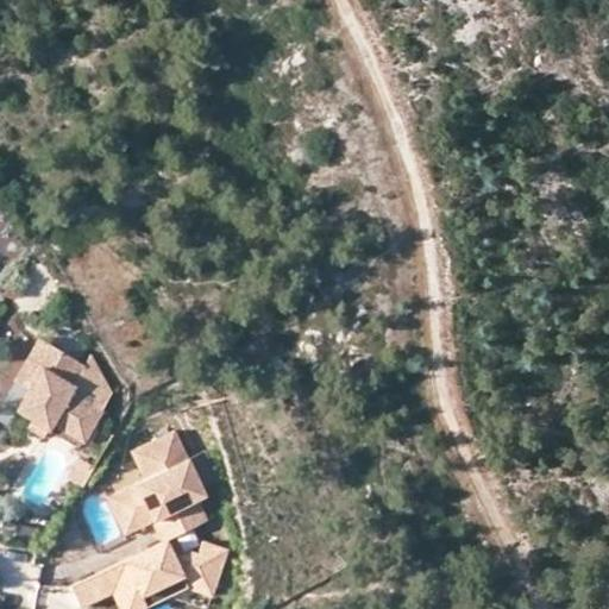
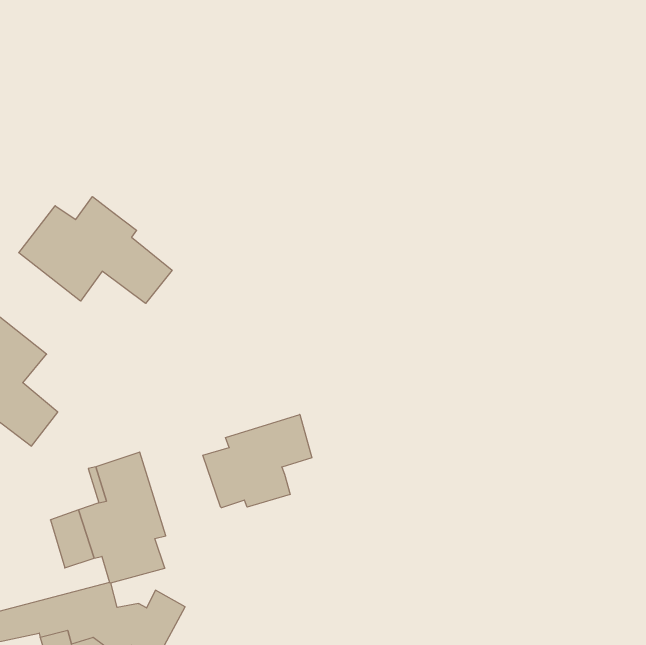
building: none -> [19,197,172,303]
building: none -> [203,414,312,508]

